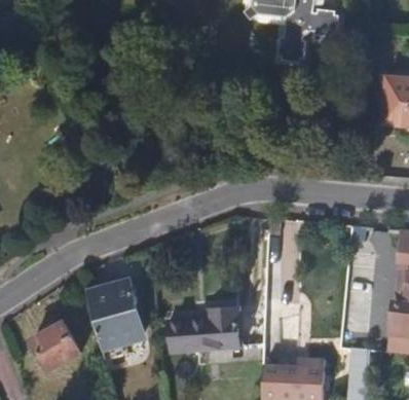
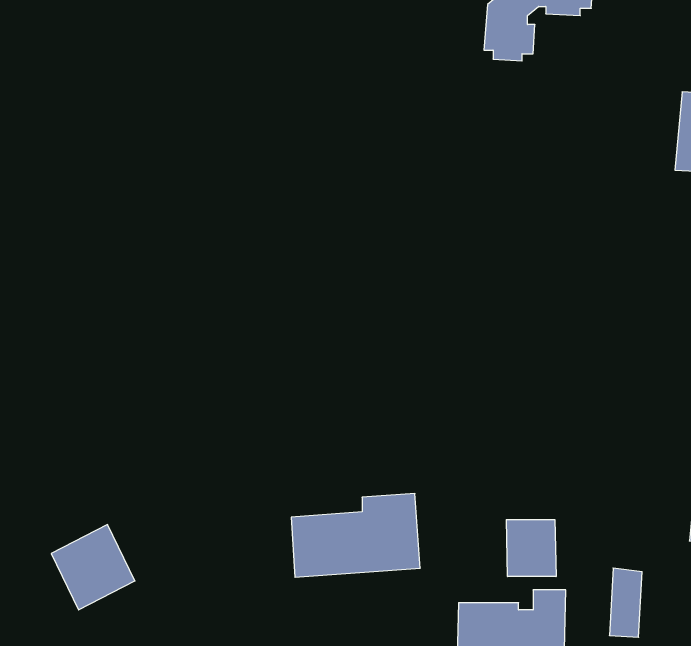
building: [88,278,144,348] -> none
building: none -> [506,520,556,577]

